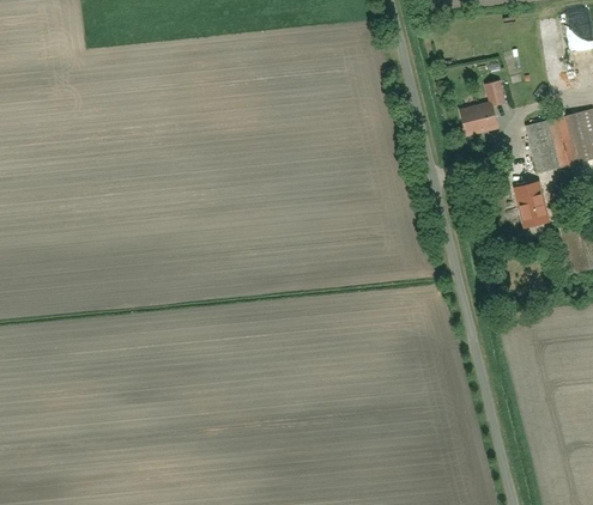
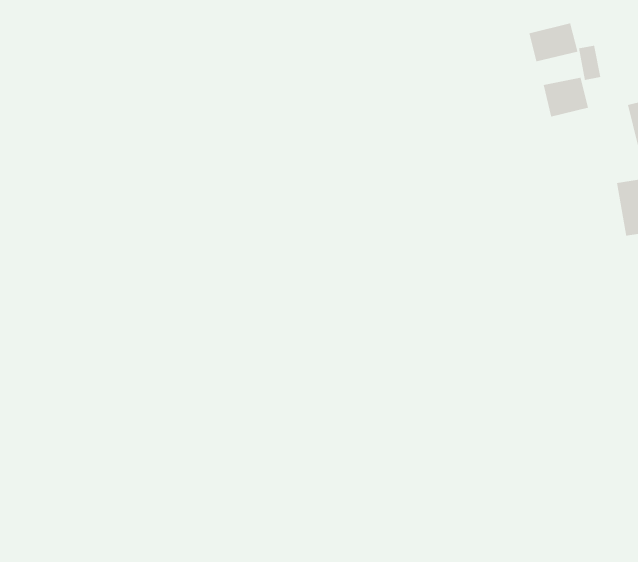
building: none -> [529,23,578,62]

